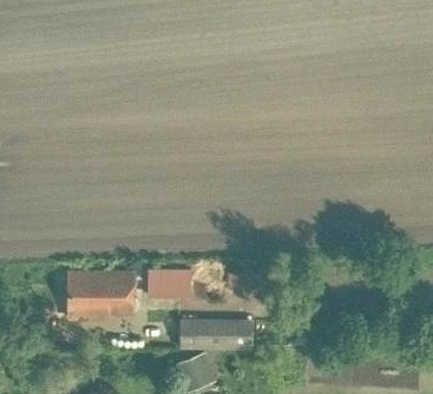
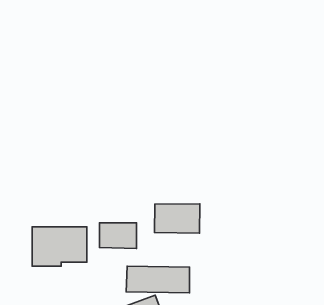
building: none -> [155,204,200,233]

